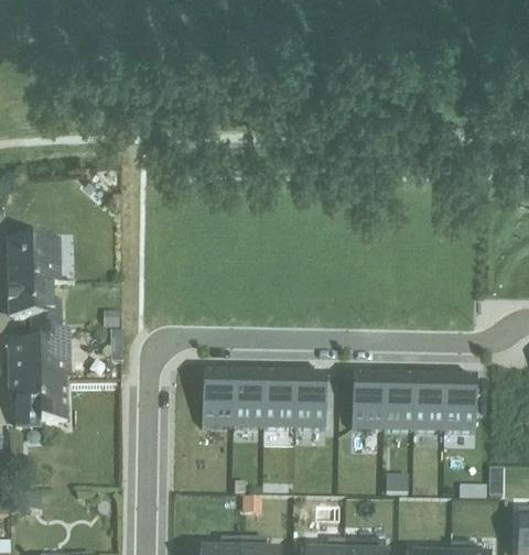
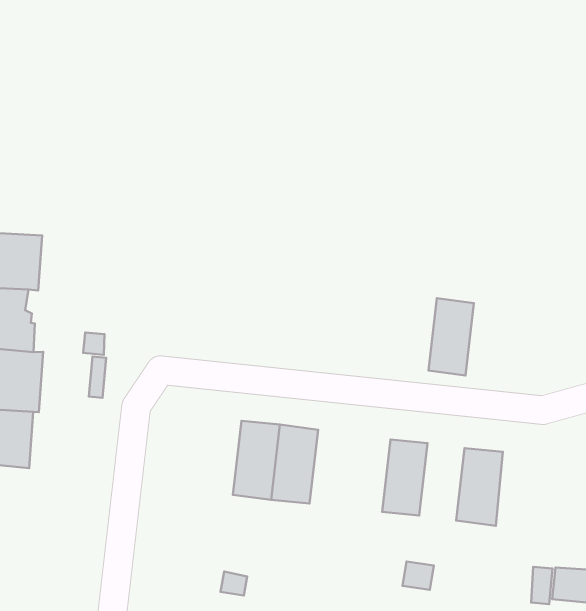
building: [203,368,234,428] -> none
building: [294,370,326,431] -> none
building: [382,372,413,432] -> [428,298,474,376]
building: [444,373,477,433] -> none

